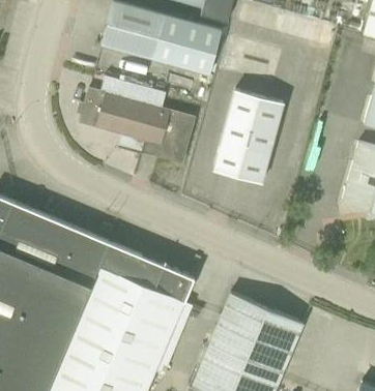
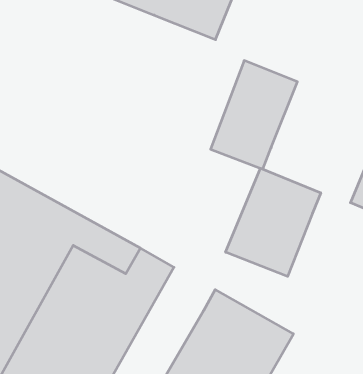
building: [79,77,195,163] -> none
building: none -> [226,168,321,276]

